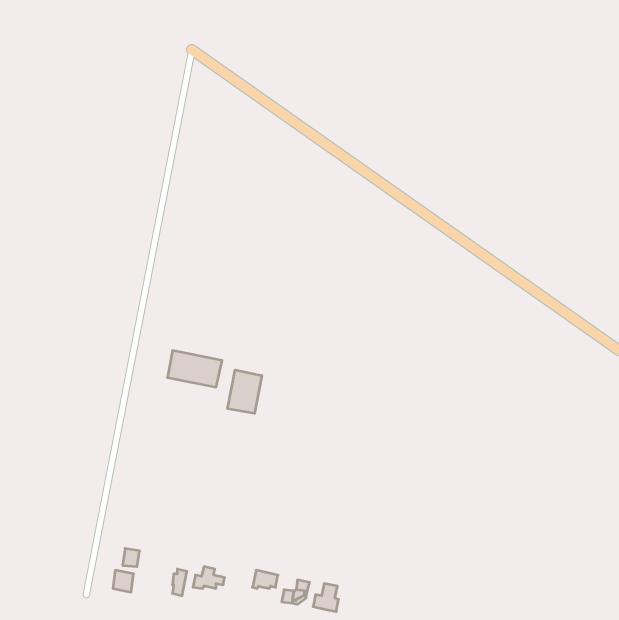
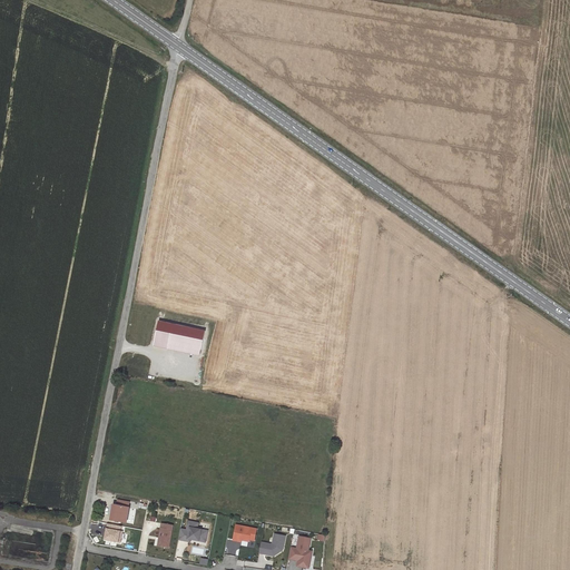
building: [228,370,262,413] -> none

